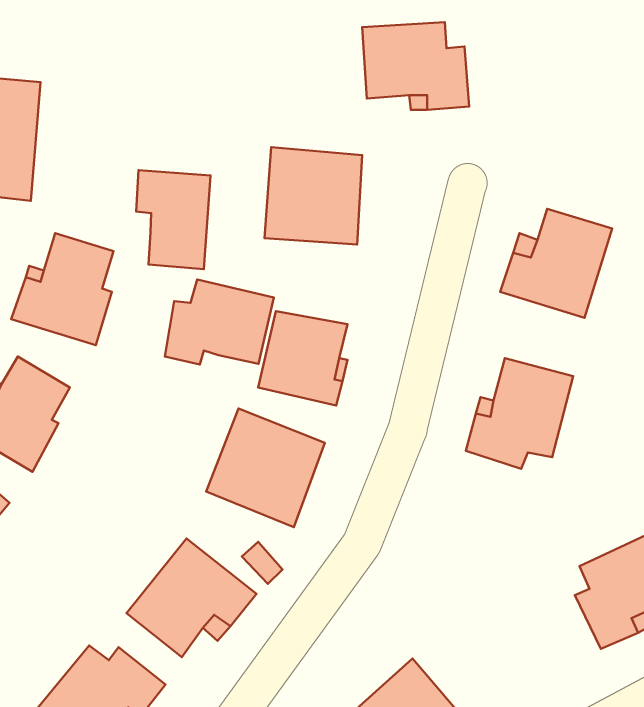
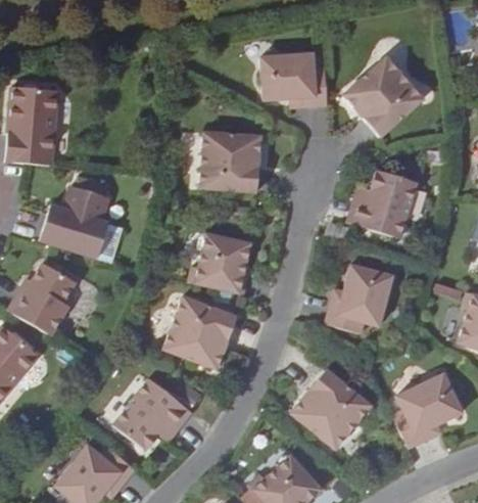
building: none -> [342,56,424,137]
building: [136,170,211,269] -> none
building: [165,280,274,365] -> none
building: none -> [289,370,372,450]

